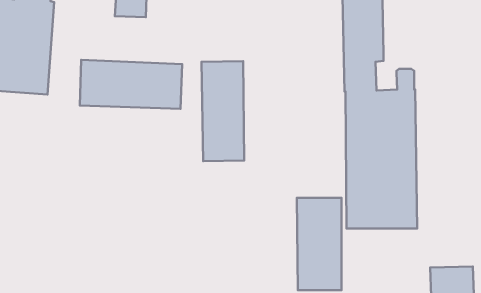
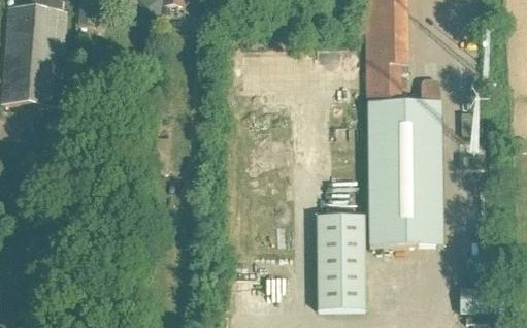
building: [80,60,182,109] -> none
building: [201,61,244,161] -> none

